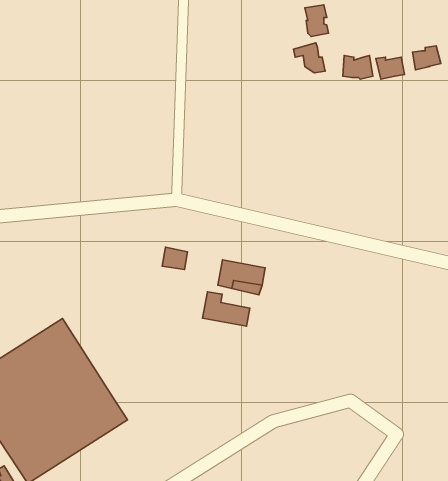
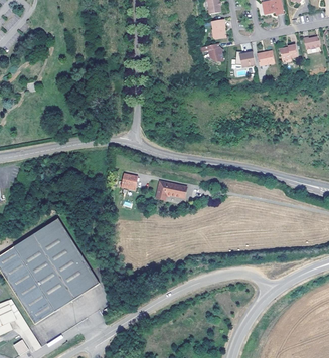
building: [203,292,250,326] -> none

